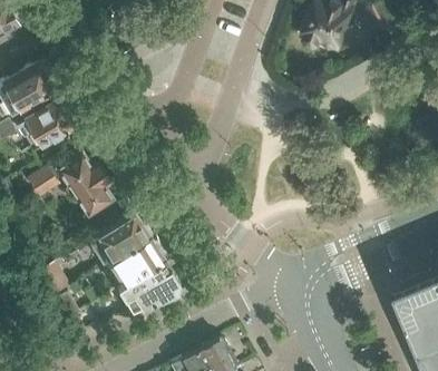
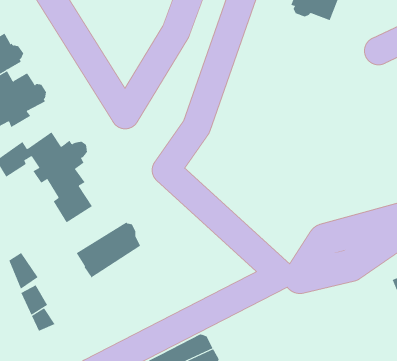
building: [87,212,150,266] -> none
building: [117,258,179,311] -> none

